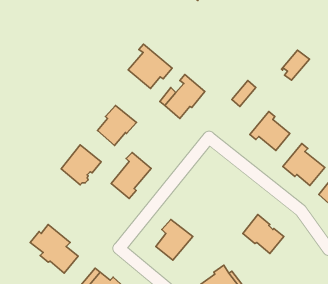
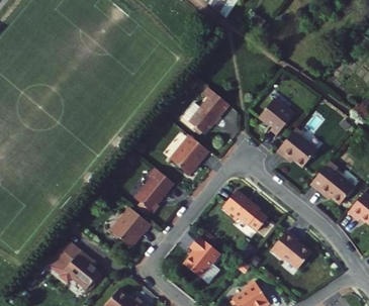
building: [128,44,172,89] -> none
building: [281,50,309,80] -> [265,104,293,134]
building: [97,105,136,145] -> [172,136,211,177]
building: [61,145,101,185] -> [111,209,152,249]
building: none -> [219,190,266,232]

